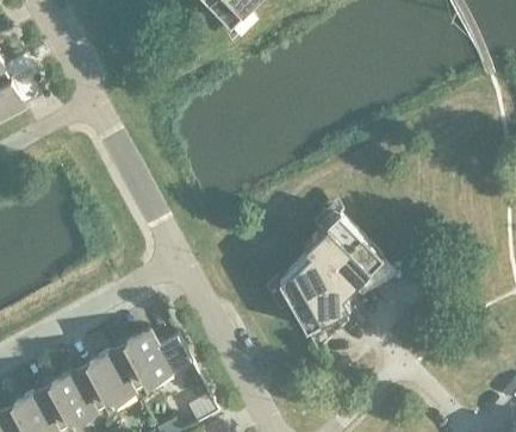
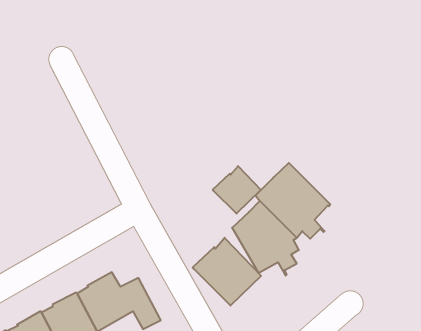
building: none -> [213,166,261,214]
building: none -> [193,238,261,306]

